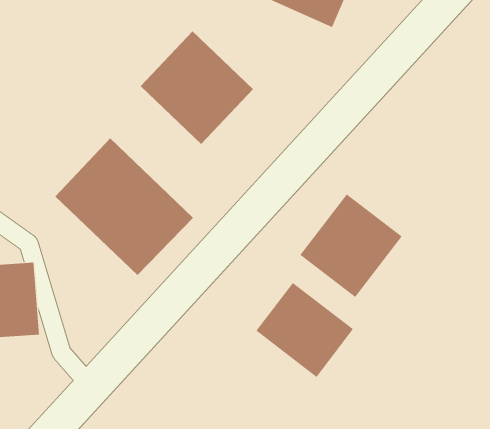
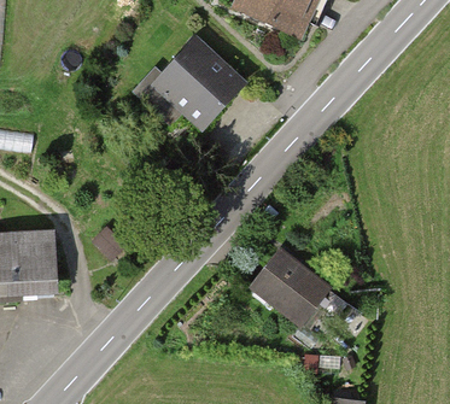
building: [55,138,194,276] -> none
building: [299,193,403,298] -> none

